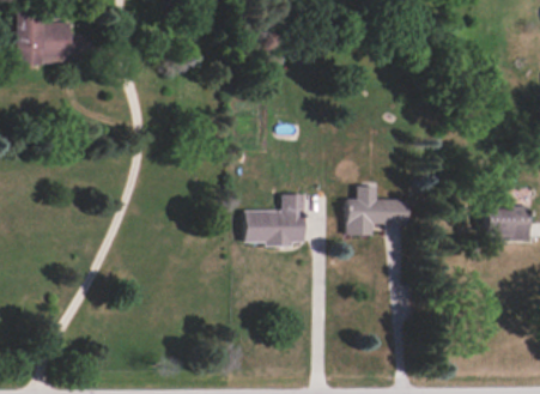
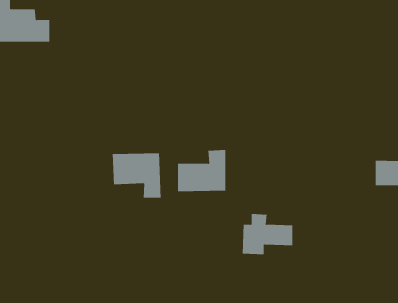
building: [346,184,408,235] -> [242,213,293,255]
building: none -> [112,153,161,198]

